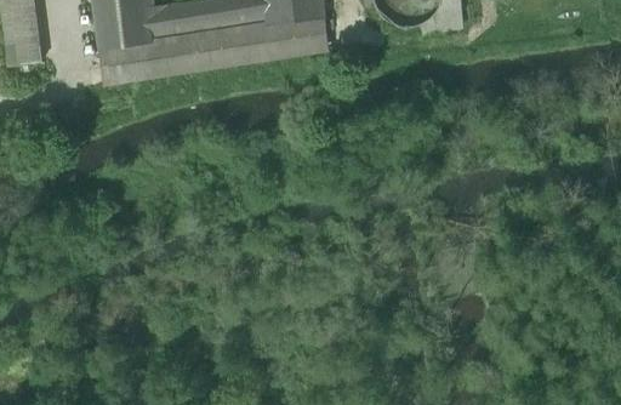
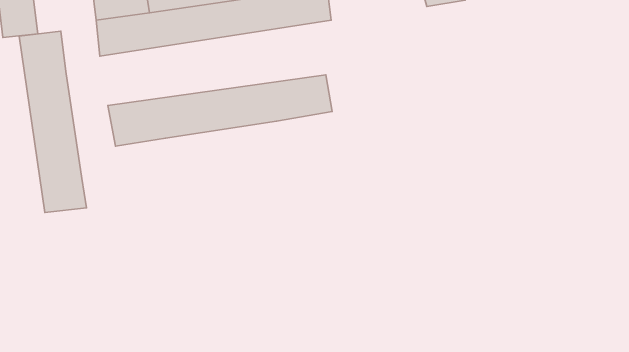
building: none -> [19,31,86,213]
building: none -> [108,75,332,146]

